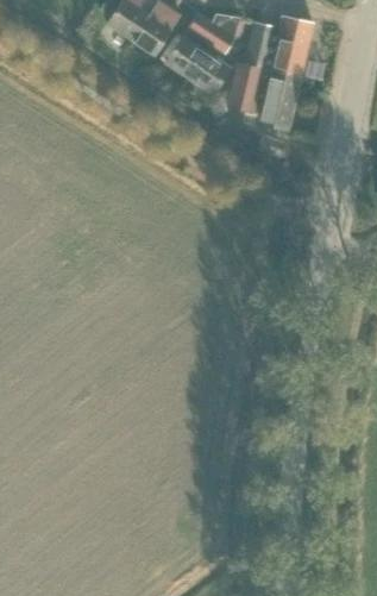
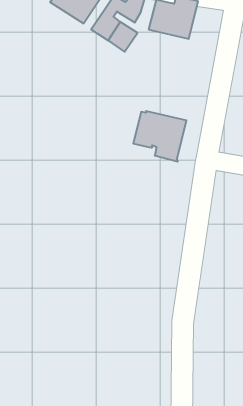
building: [227,62,301,132] -> [133,111,186,162]

